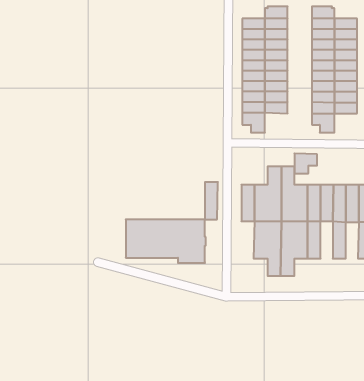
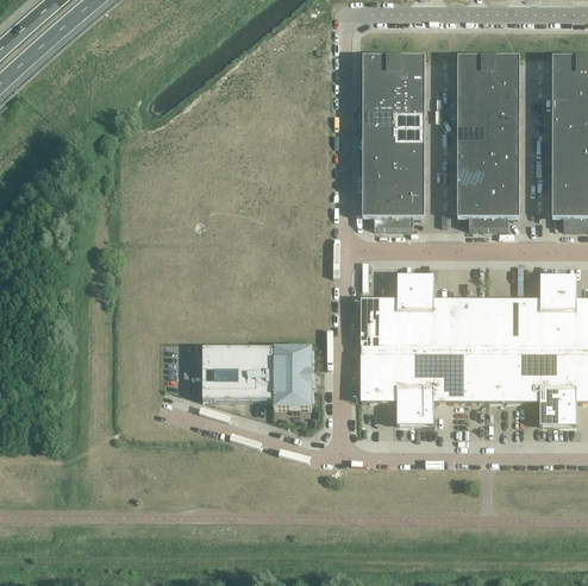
building: none -> [363,55,394,71]
building: none -> [489,55,520,71]
building: none -> [489,201,520,227]
building: [294,153,317,173] -> [394,200,425,227]
building: [205,182,218,219] -> [362,348,380,399]
building: none -> [470,348,487,399]
building: none -> [505,349,523,399]

